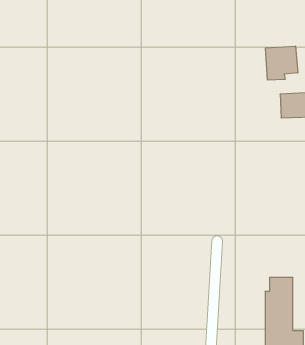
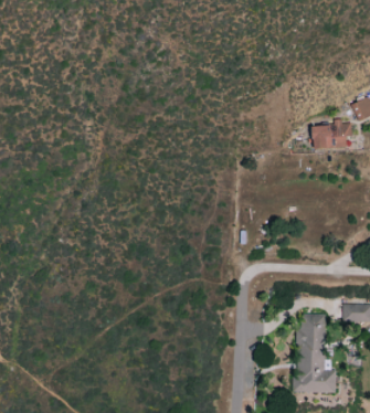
building: [266,46,298,80] -> none

